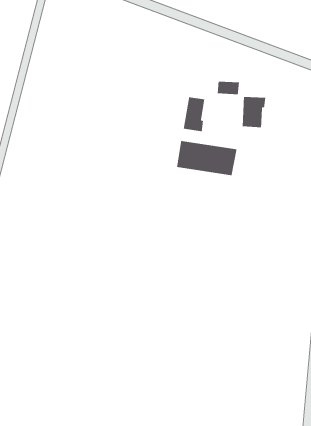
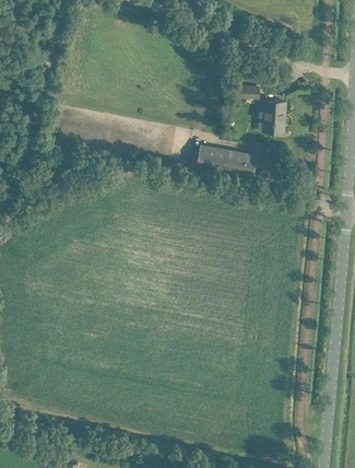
building: [183,96,205,132] -> none

